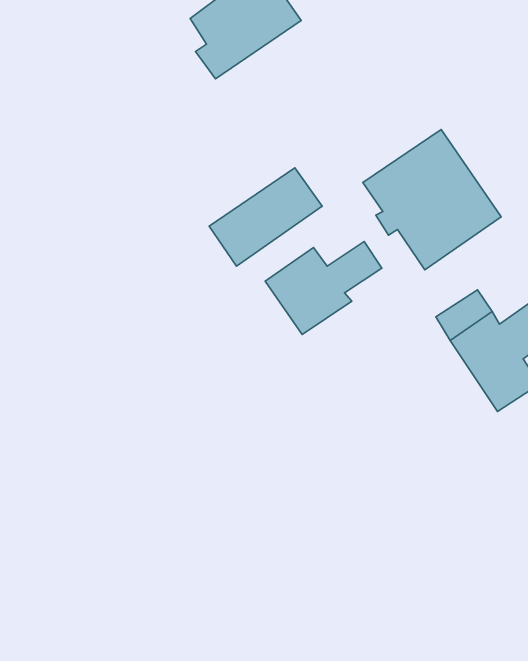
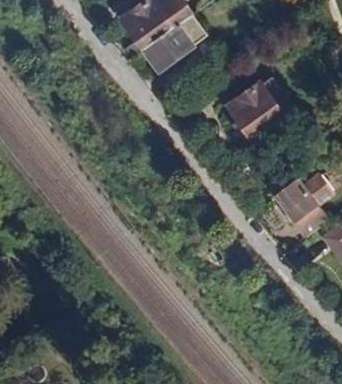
building: [209,168,322,266] -> [145,16,208,71]
building: [265,242,382,335] -> none

